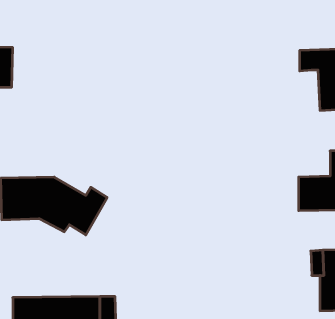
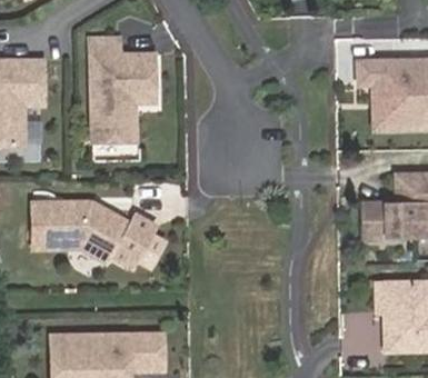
building: none -> [91,38,153,141]

